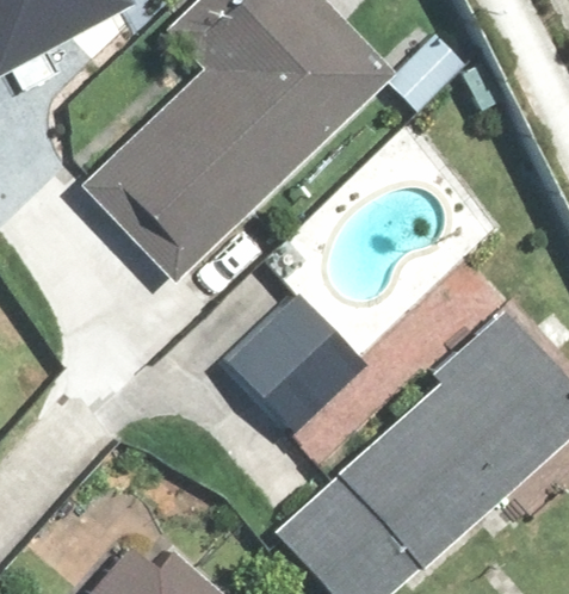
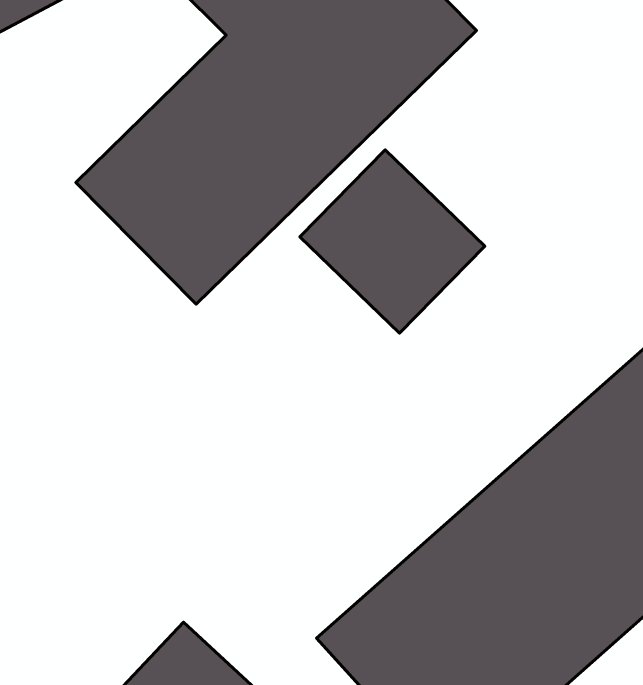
building: [225,292,365,431] -> [300,150,485,333]

